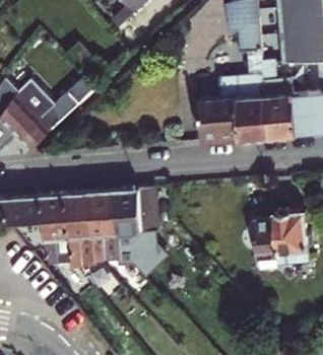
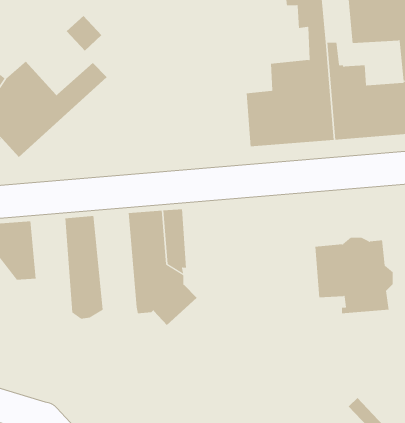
building: [86,191,118,264] -> none
building: [39,195,76,272] -> none

